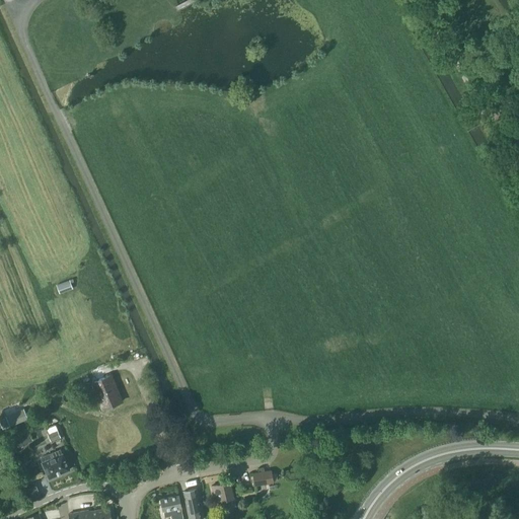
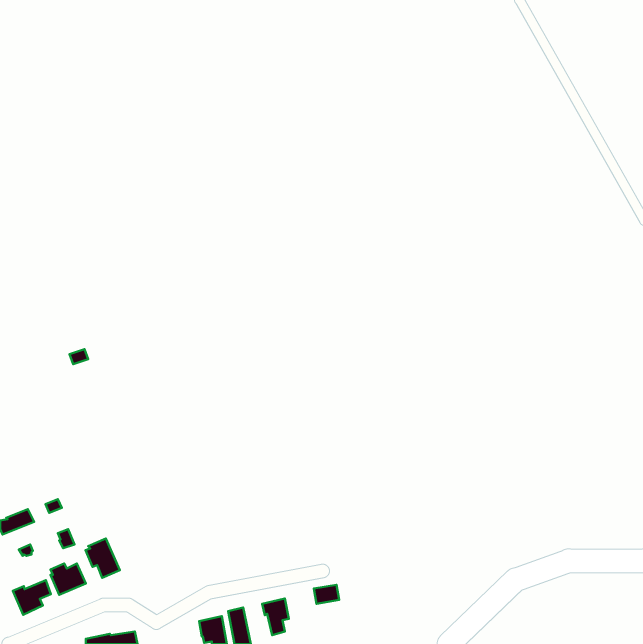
building: [92,375,123,410] -> none
building: none -> [85,539,120,578]
building: none -> [13,580,51,615]

